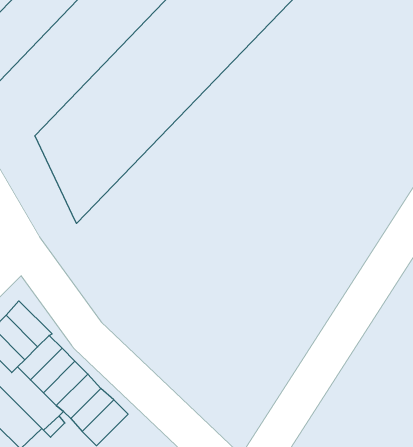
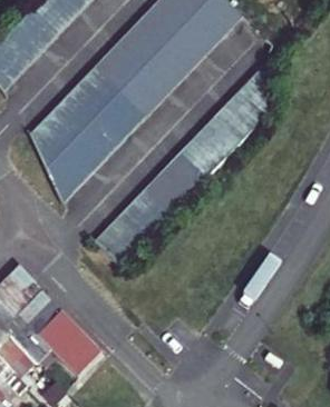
building: none -> [95,70,270,266]

